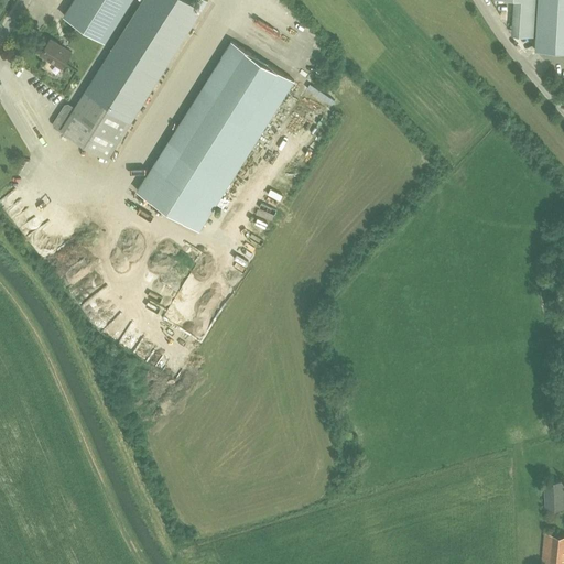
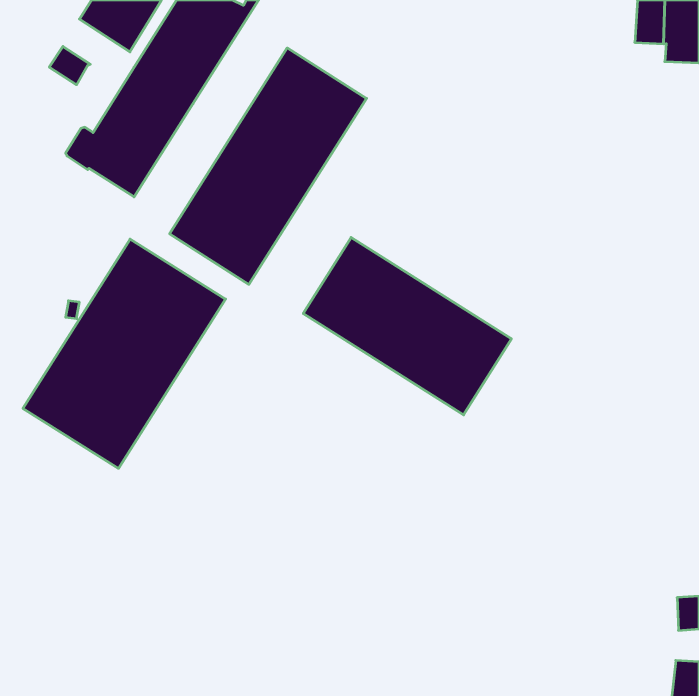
building: none -> [303,237,511,415]
building: none -> [23,239,226,468]

